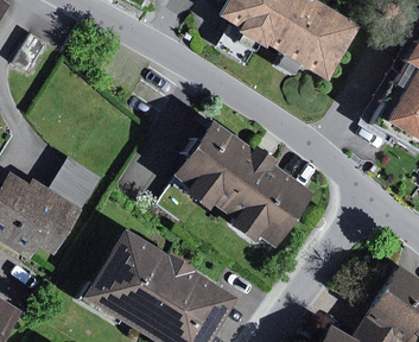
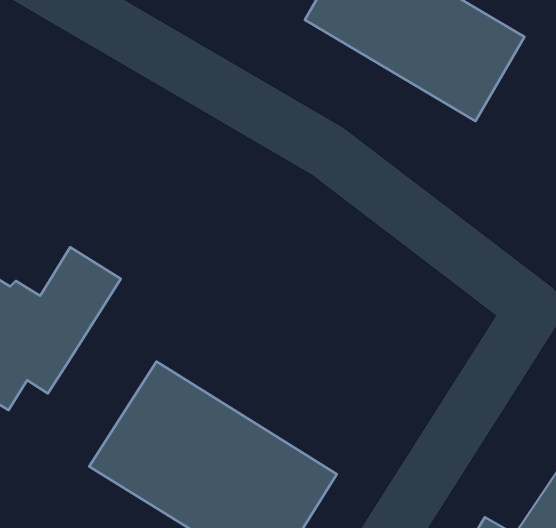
building: [172,124,315,253] -> none

